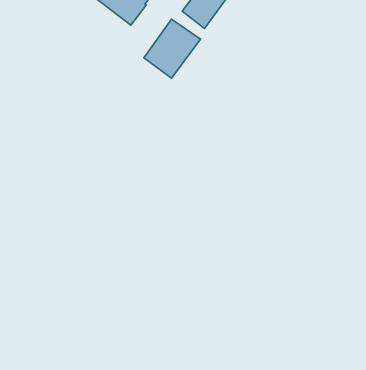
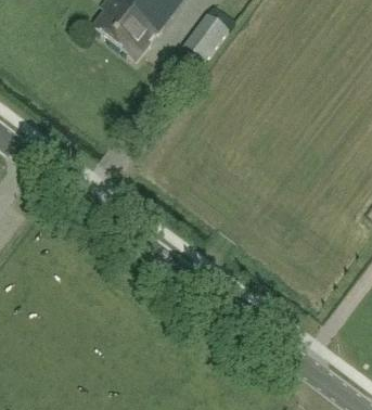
building: [144,19,200,78] -> none

